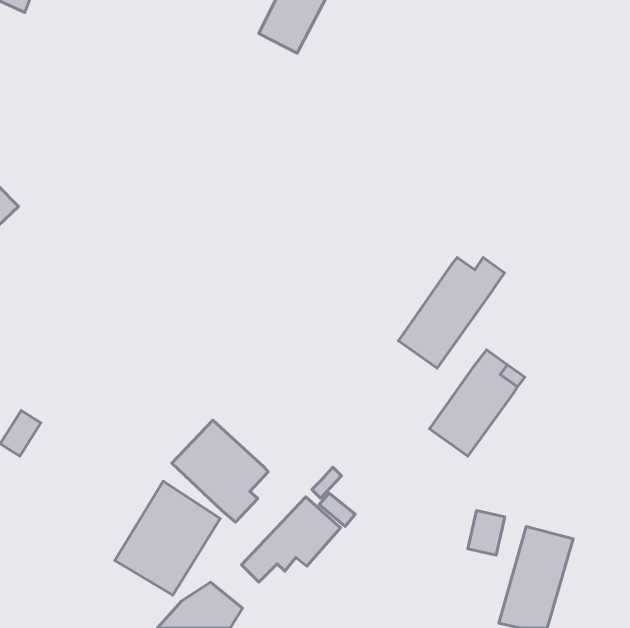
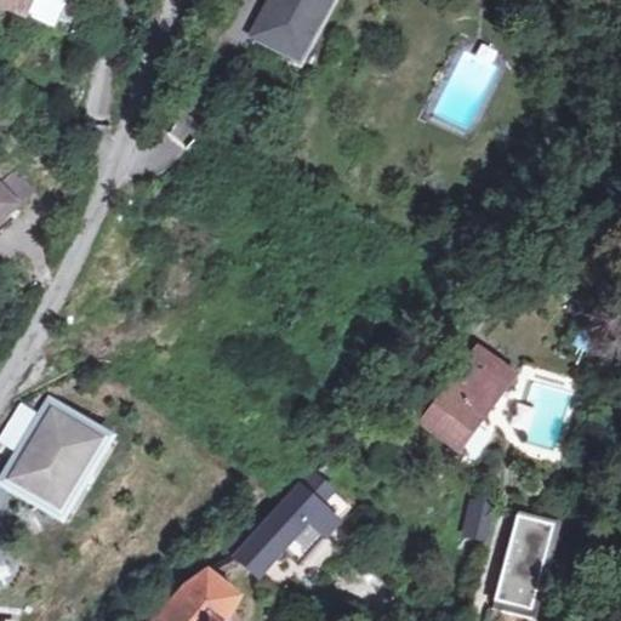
building: [398,258,504,368] -> none
building: [172,420,268,522] -> none
building: [115,481,220,595] -> [7,403,110,514]

